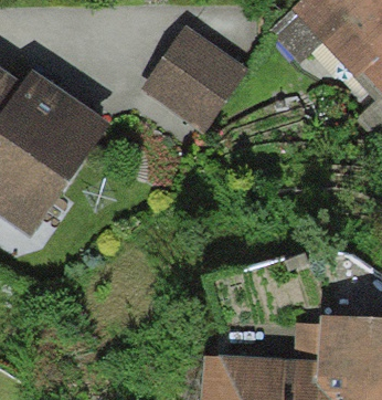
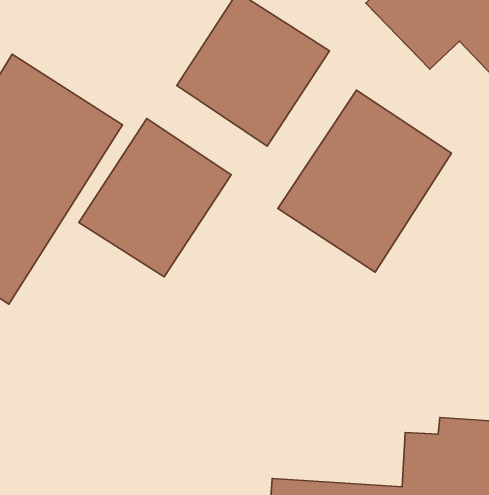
building: none -> [278,90,451,272]
building: none -> [79,119,231,277]

